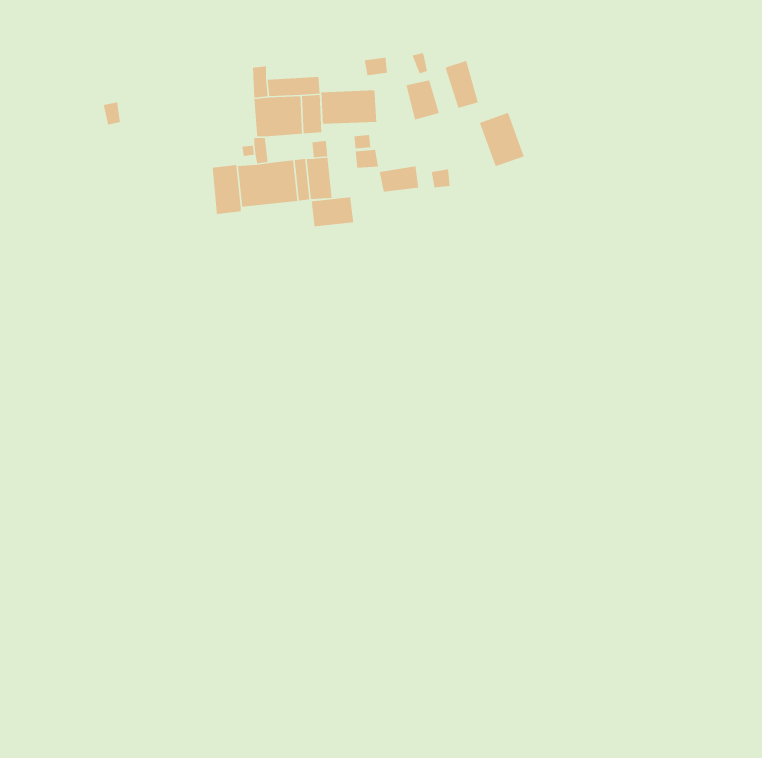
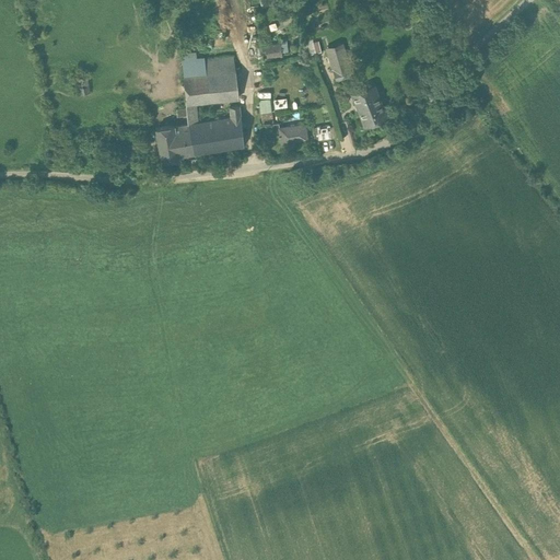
building: [405,79,440,121] -> none
building: [320,90,377,125] -> none
building: [311,196,354,227] -> none

